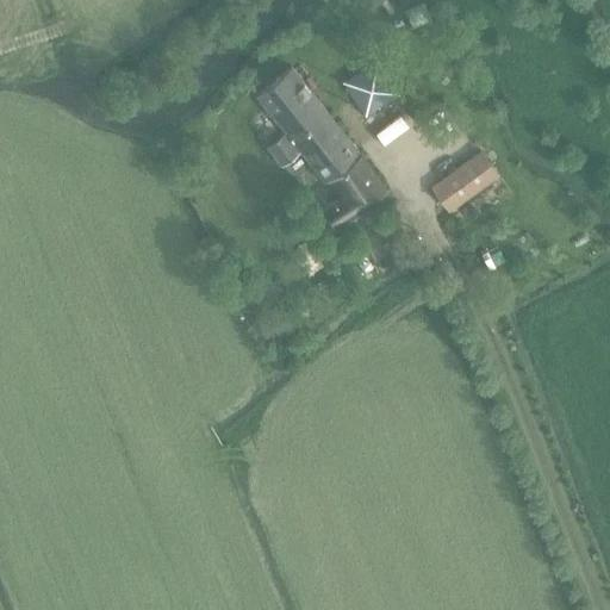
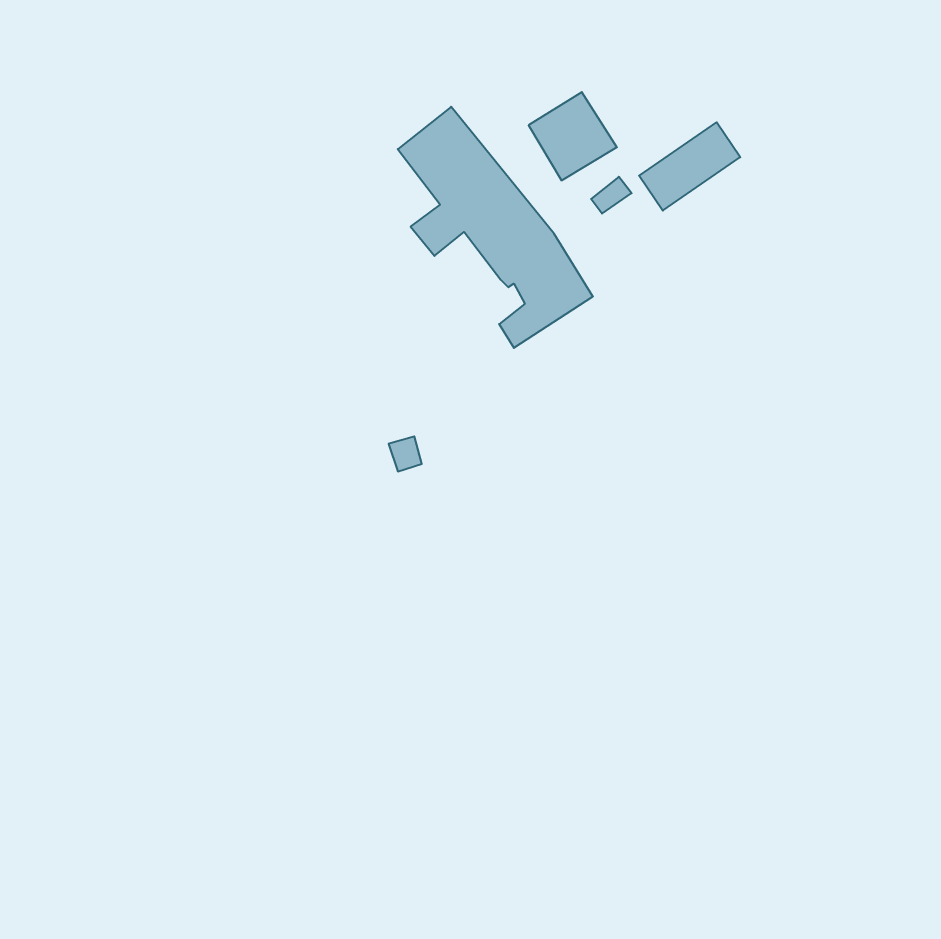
building: [432,152,498,210] -> [639,122,740,211]

